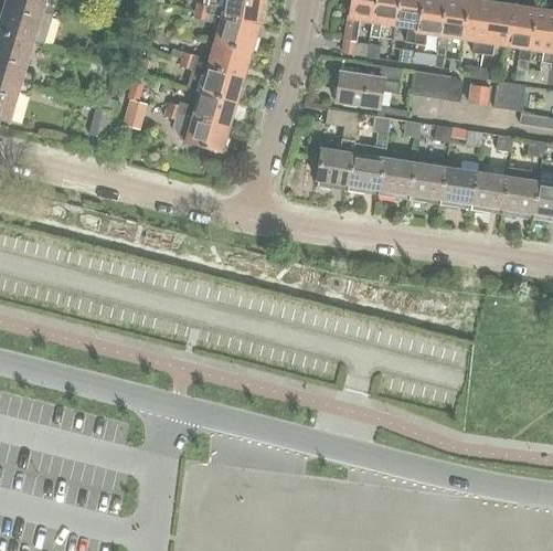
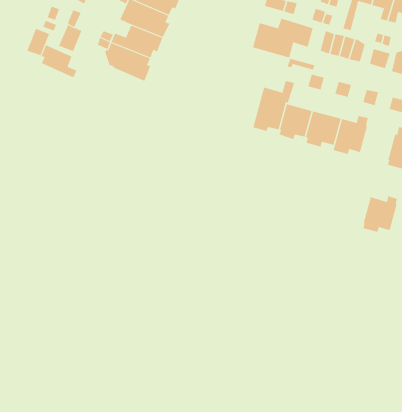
building: [316,107,359,189] -> none
building: none -> [41,45,77,78]
building: [470,167,506,209] -> [362,196,398,232]

